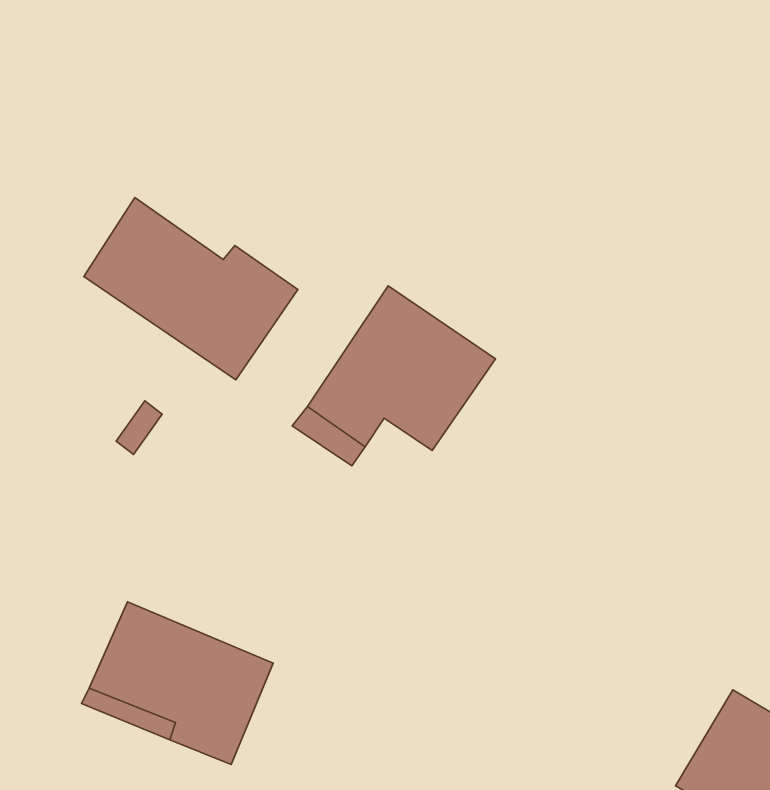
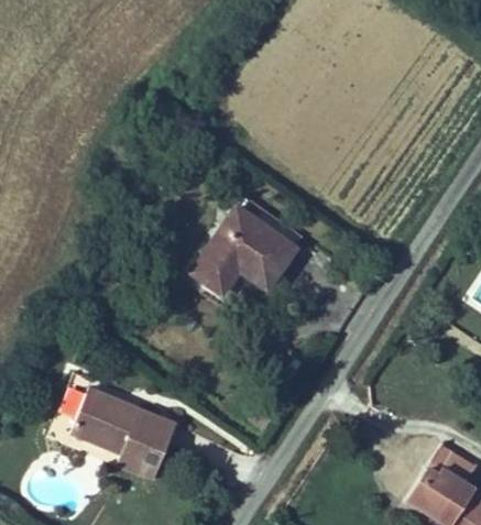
building: [84,197,298,380] -> none

